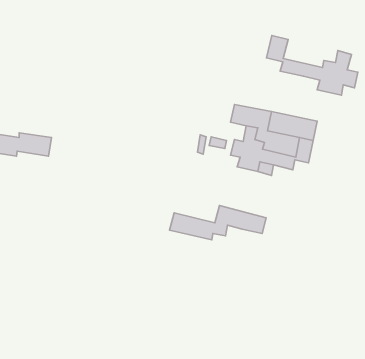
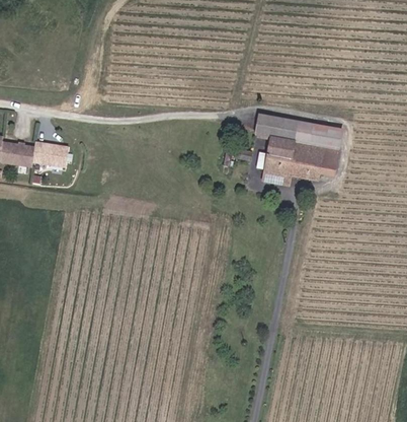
building: [267,36,358,95] -> none
building: [169,206,266,240] -> none

